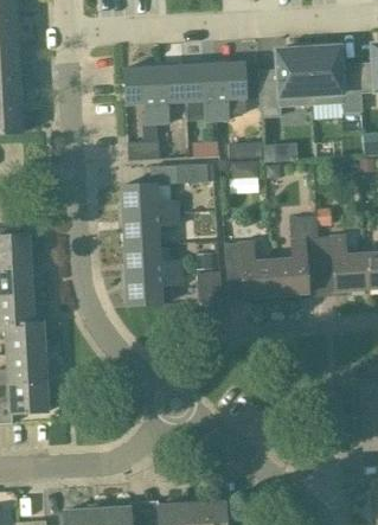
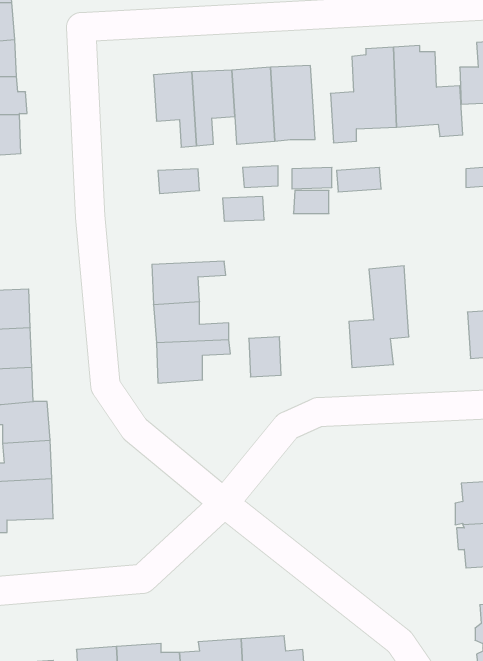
building: [120,183,178,215] -> none
building: [318,233,367,290] -> none
building: [224,241,276,297] -> none

